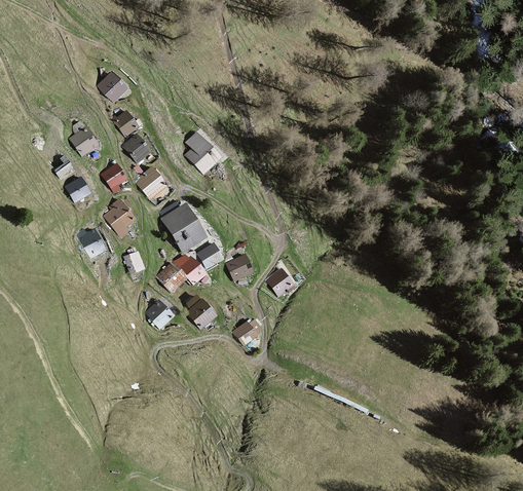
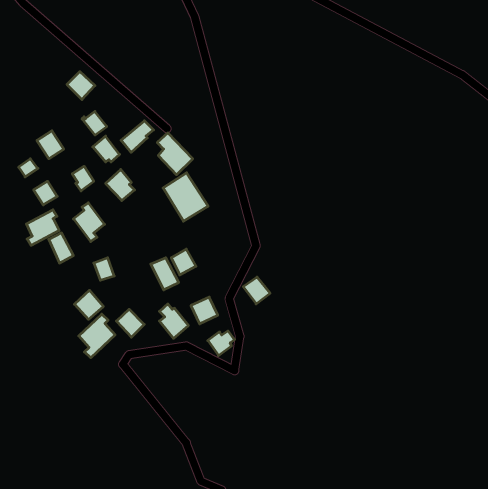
building: none -> [121,121,154,152]
building: [162,204,206,251] -> [163,173,208,221]
building: none -> [26,210,59,245]
building: [225,255,251,280] -> [191,297,218,324]
building: [157,263,185,291] -> [74,290,103,319]
building: none -> [79,314,115,358]

